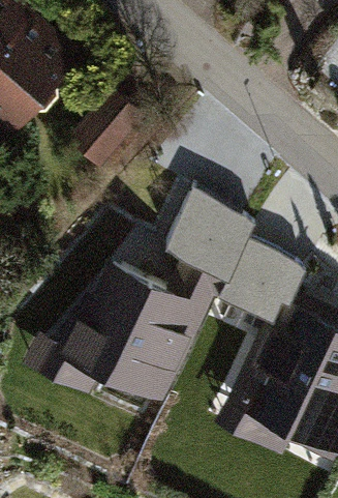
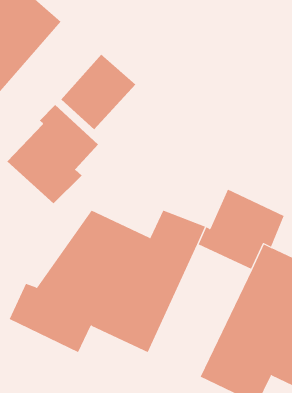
building: none -> [7,104,99,204]
building: [165,192,254,277] -> none

